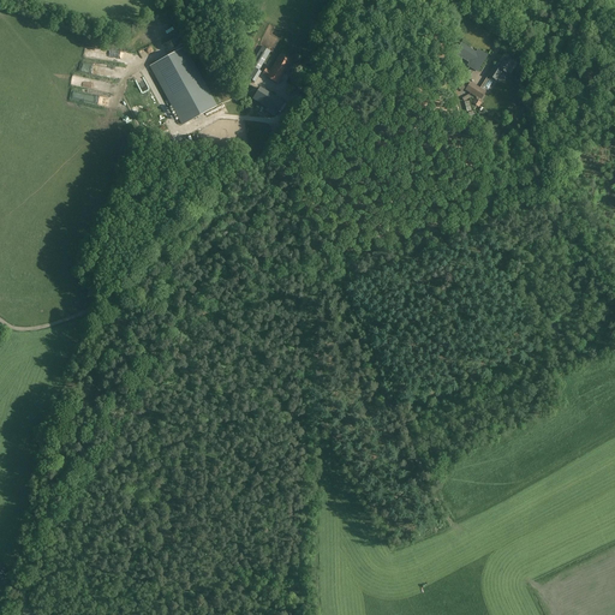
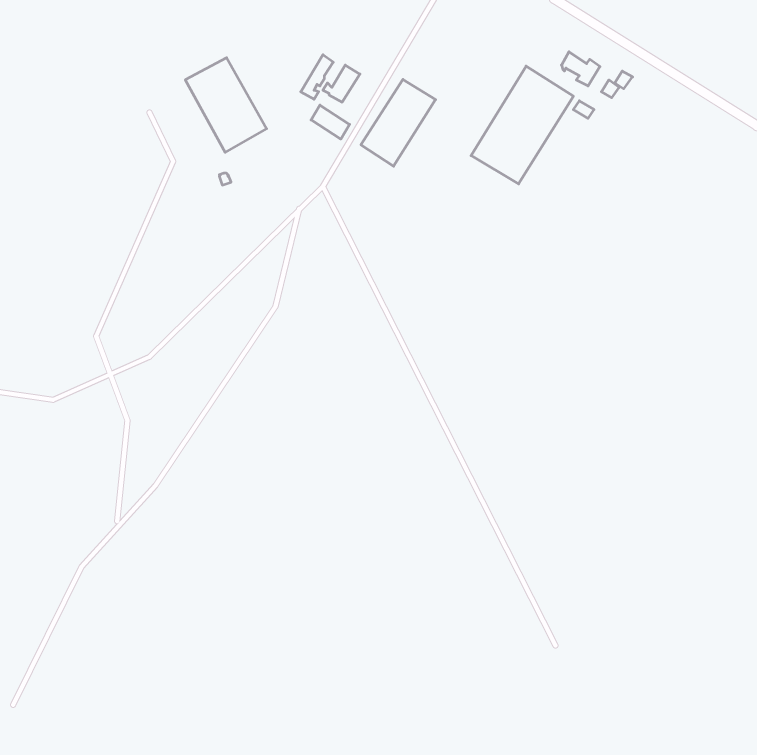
building: none -> [471,66,573,184]
building: none -> [361,79,436,166]

